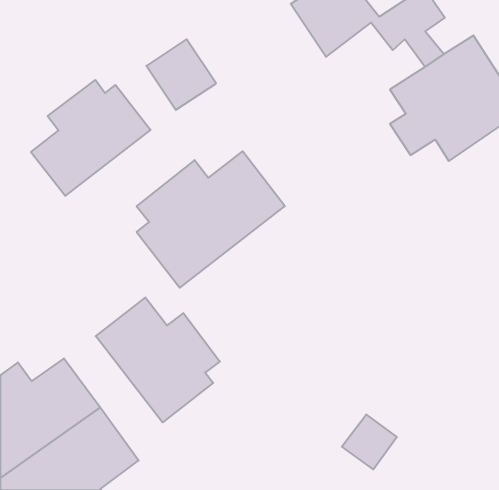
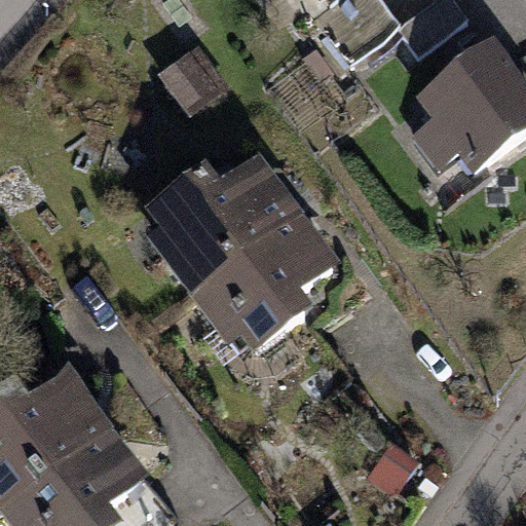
building: [31,80,151,196] -> none
building: none -> [191,216,342,359]
building: [96,297,220,422] -> none

